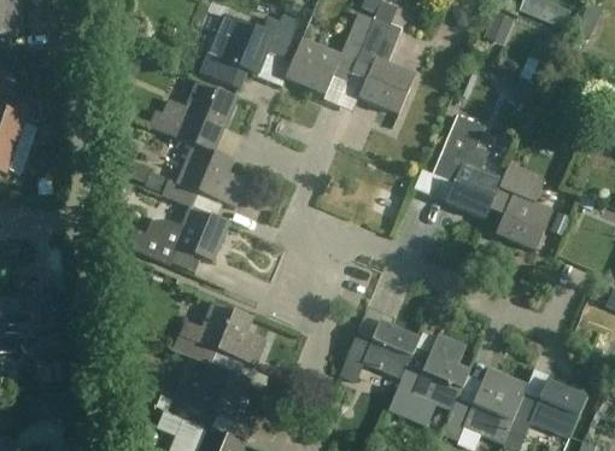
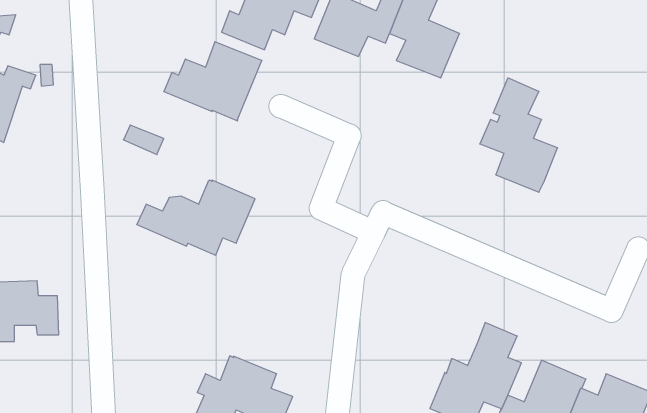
building: [160,142,247,207] -> none
building: [490,164,551,250] -> none
building: [172,299,266,365] -> none
building: [339,320,420,381] -> none

